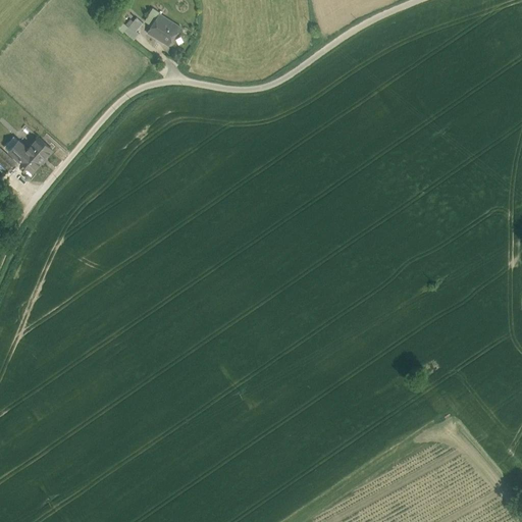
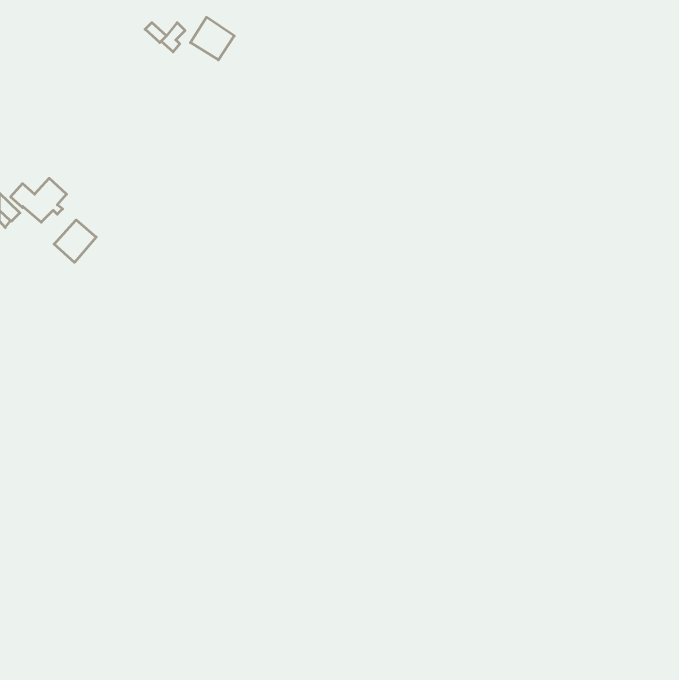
building: none -> [54,220,96,262]

